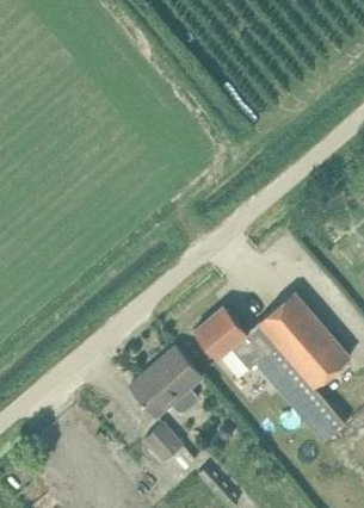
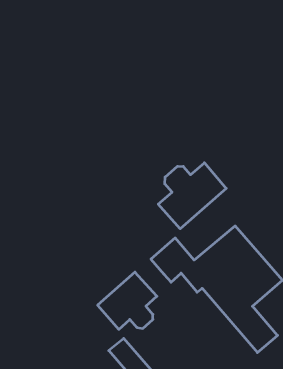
building: none -> [158,163,226,229]

